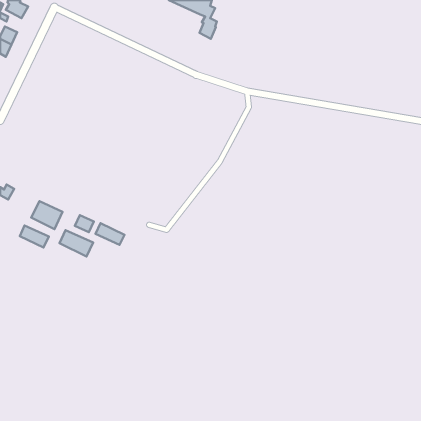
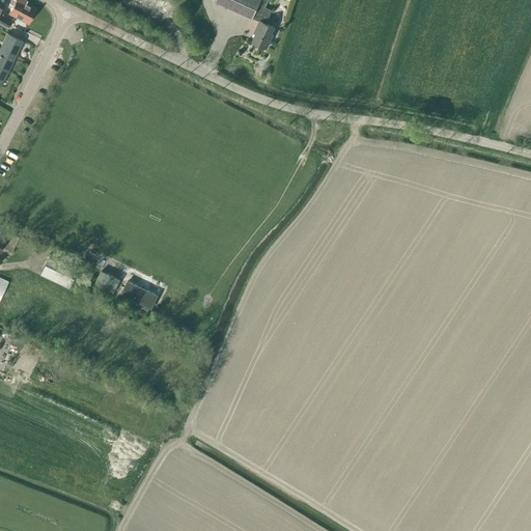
building: [20,225,49,248] -> none
building: [60,230,93,256] -> none

